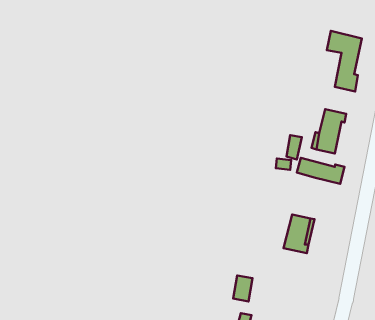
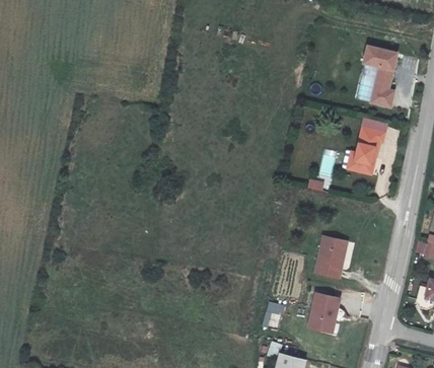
building: [297,158,344,184] -> none
building: none -> [308,293,340,332]

